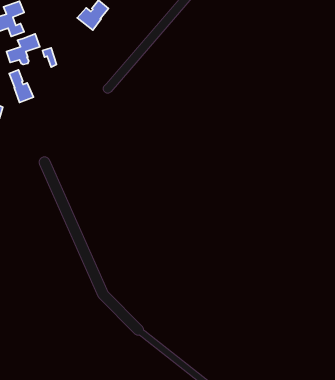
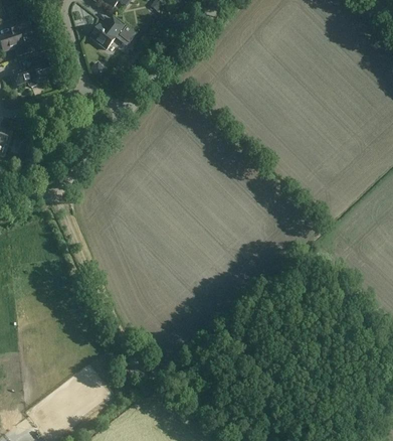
building: [9,70,34,102] -> none

